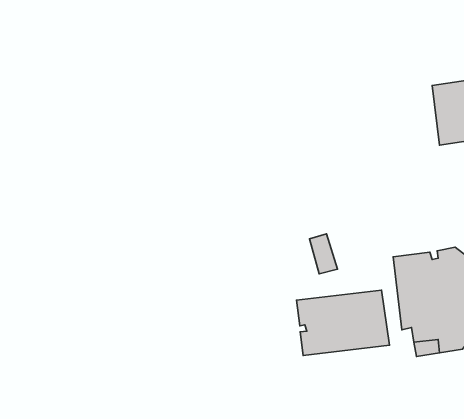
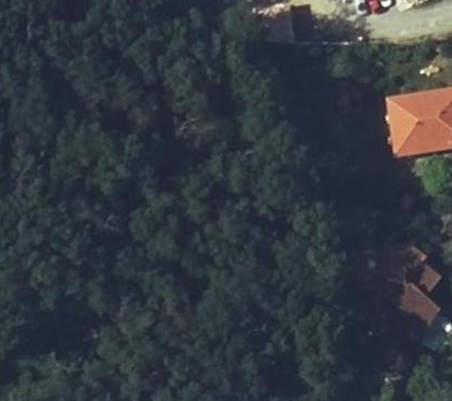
building: [296,290,390,355] -> none

